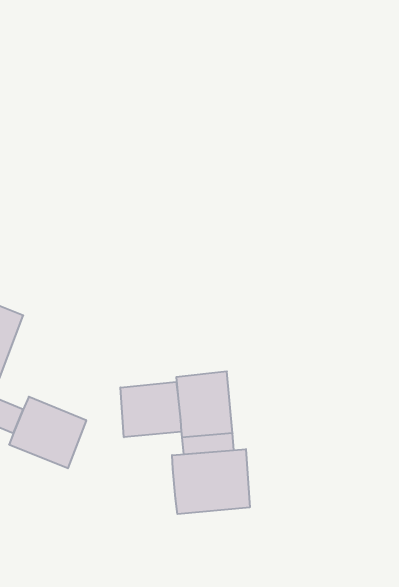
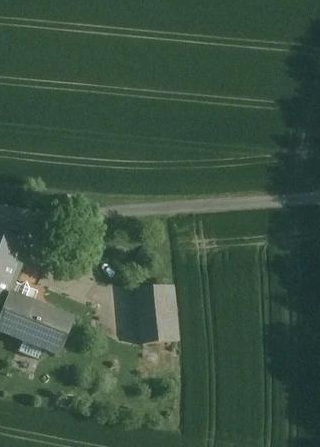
building: [120,382,181,437] -> none
building: [172,449,250,514] -> none

